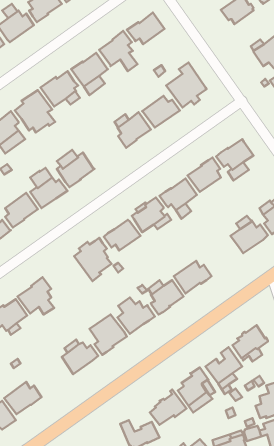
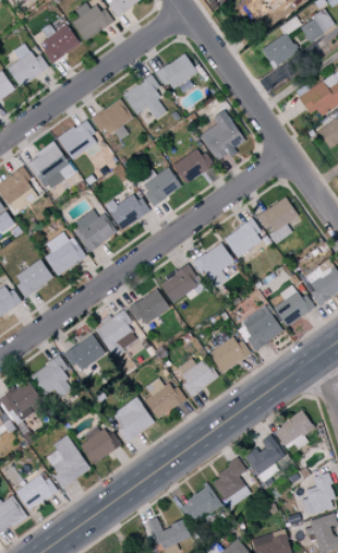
building: none -> [105,194,150,230]
building: none -> [242,305,283,351]
building: none -> [64,334,106,370]
building: none -> [49,435,90,489]

